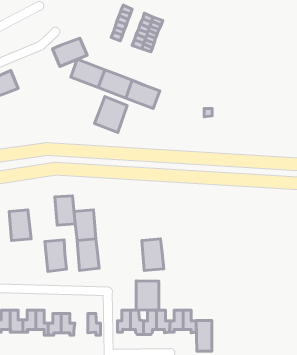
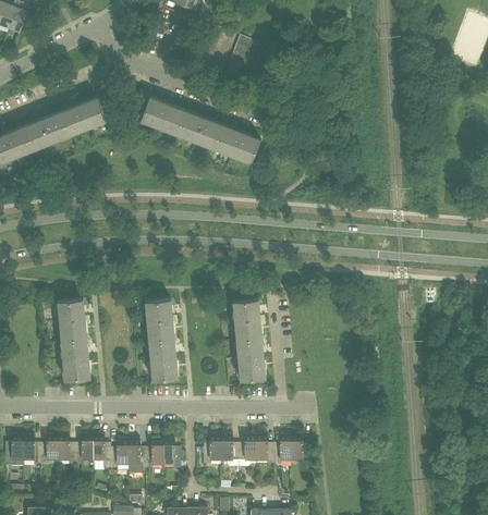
building: [52,38,87,66] -> [59,98,106,136]
building: [94,97,127,132] -> none
building: [55,196,75,225] -> none
building: none -> [232,299,260,341]
building: [45,240,67,272] -> [60,339,89,381]
building: [136,281,159,310] -> none
building: none -> [144,439,162,468]
building: [196,321,212,351] -> none

